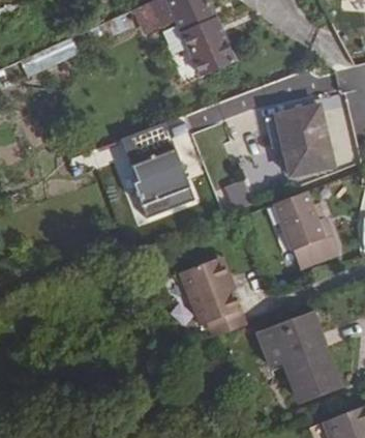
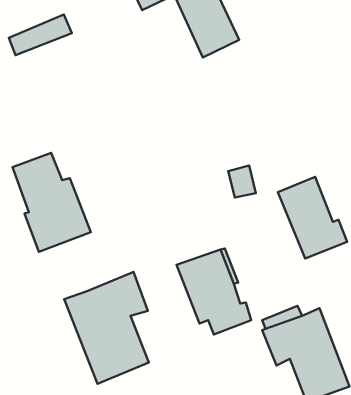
building: [276,106,335,178] -> none
building: [121,126,194,220] -> [12,153,91,252]
building: none -> [64,272,149,384]

